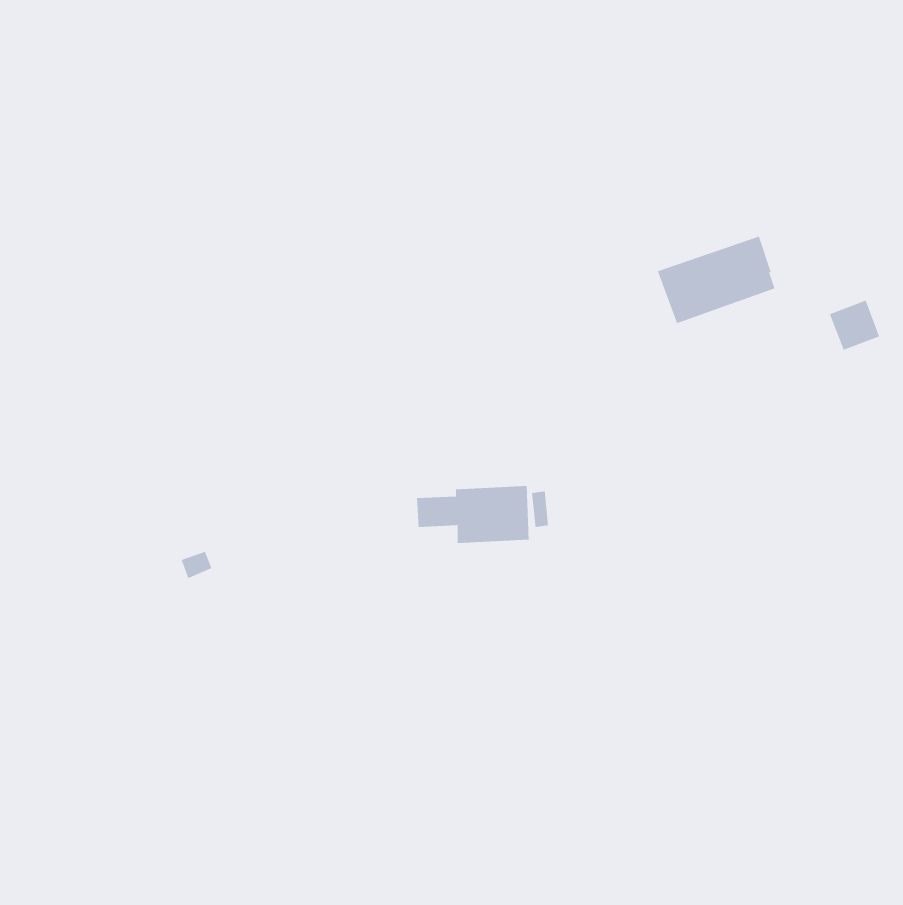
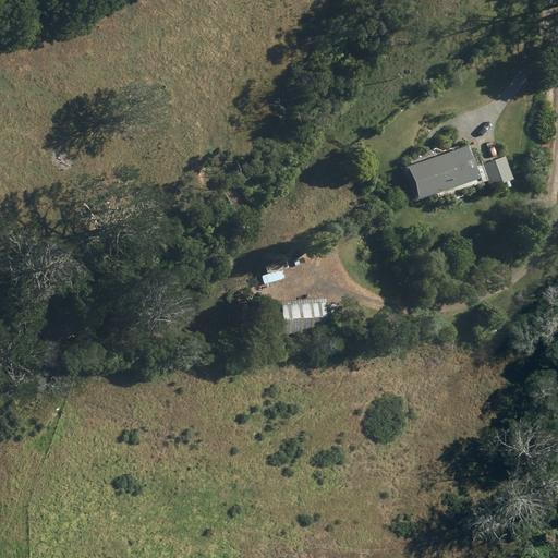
building: [829,300,880,351] -> [483,156,514,187]

